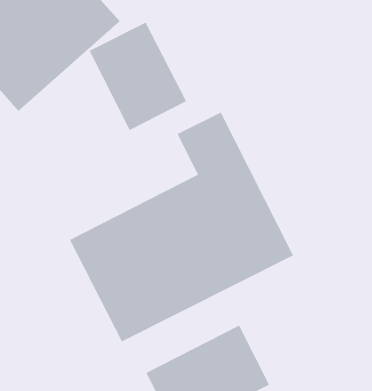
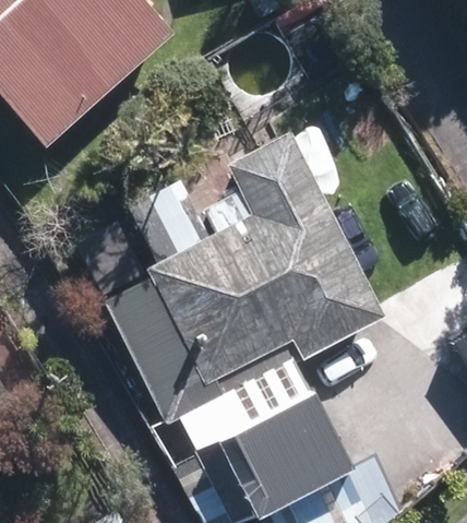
building: [89,22,187,131] -> none

